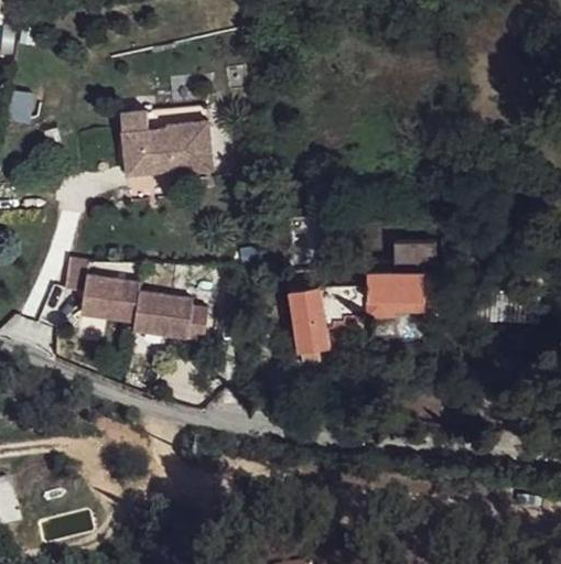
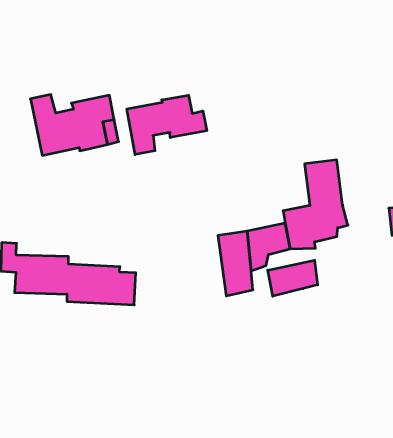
building: none -> [127,95,207,155]
building: none -> [268,260,318,296]

